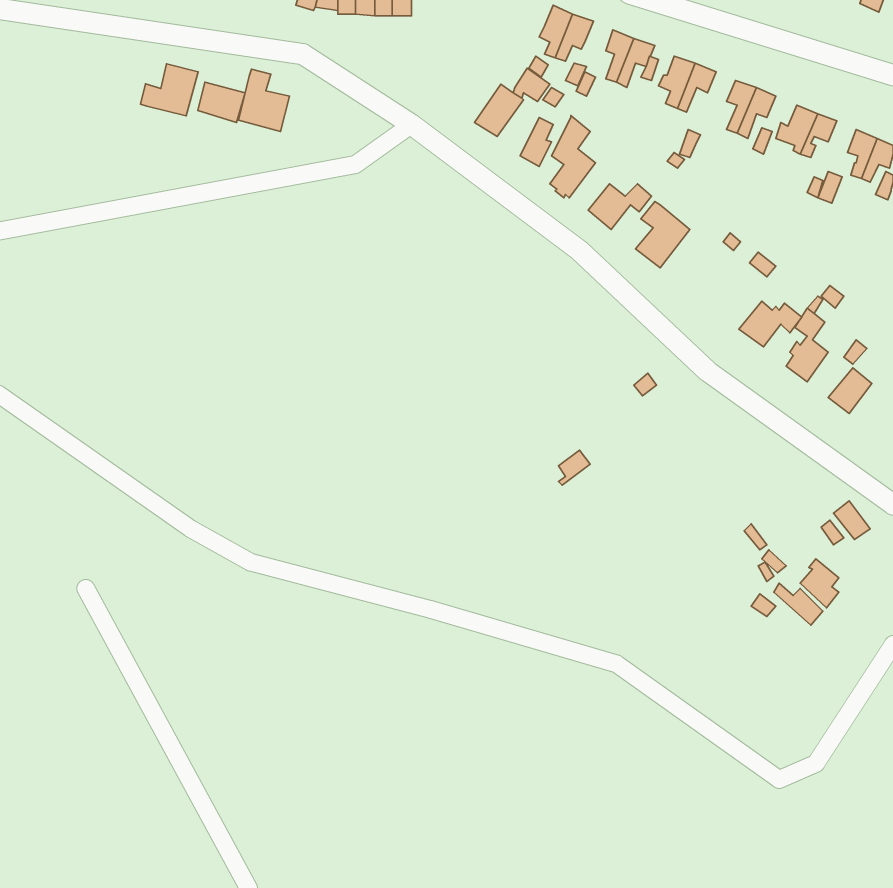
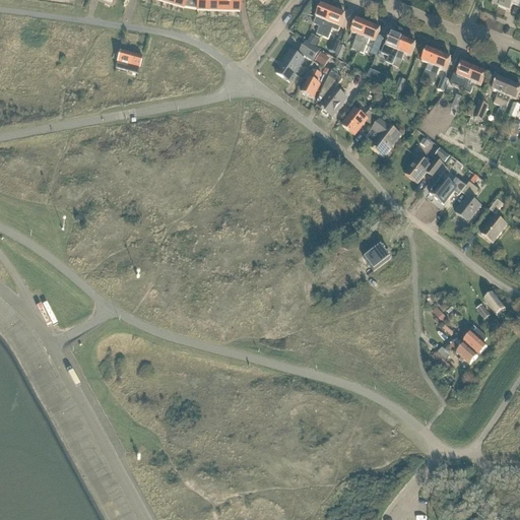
building: [141,64,198,116] -> none
building: [239,69,290,132] -> none
building: none -> [403,153,443,182]
building: none -> [363,241,391,268]

